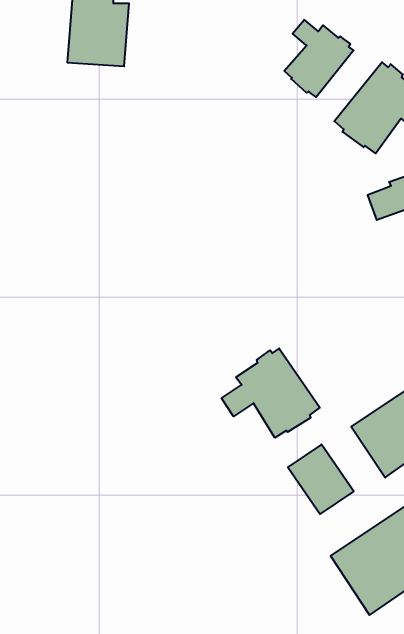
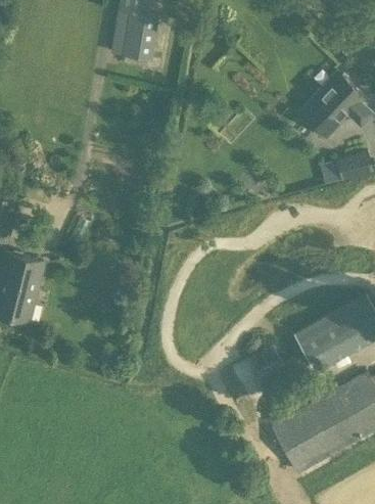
building: [284,20,354,97] -> none
building: [222,348,320,438] -> none

